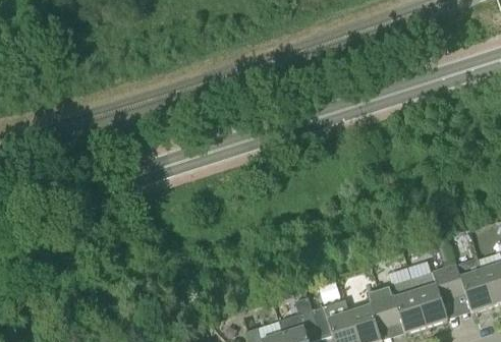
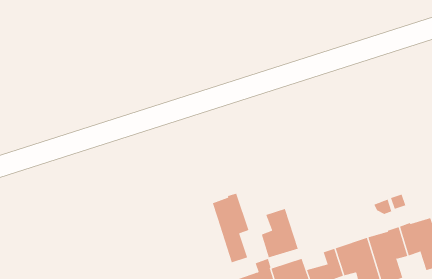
building: none -> [212,193,249,263]
building: none -> [261,208,298,258]

